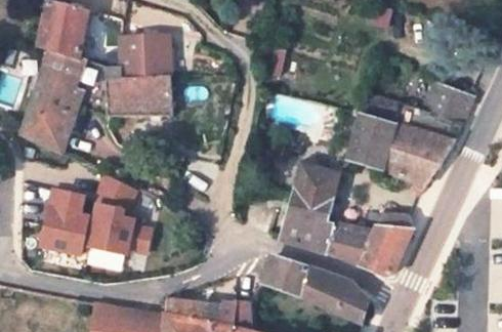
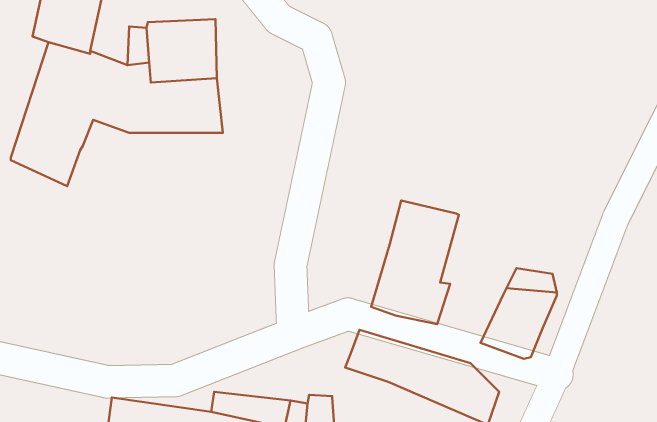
building: [348,81,473,194] -> none
building: [88,173,151,254] -> none
building: [40,189,89,254] -> none
building: [326,222,373,264] -> none

